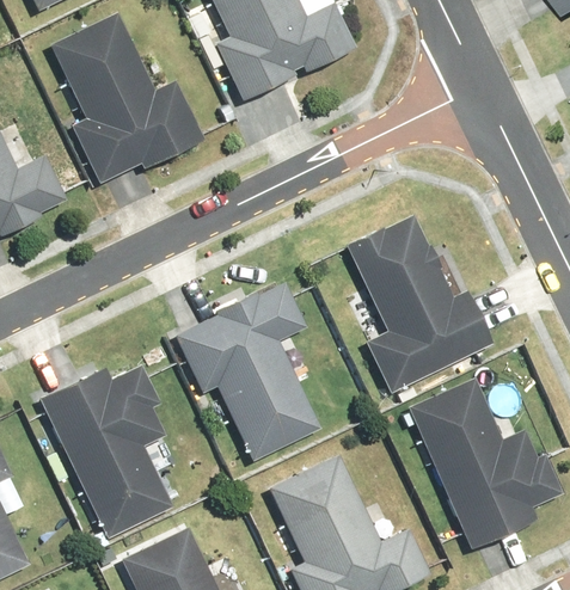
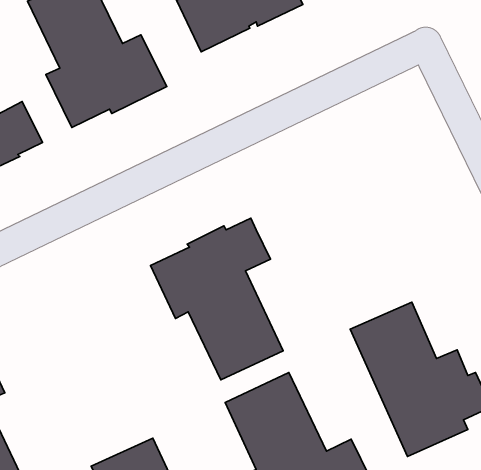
building: [354,214,501,394] -> none
building: [45,365,180,540] -> none

